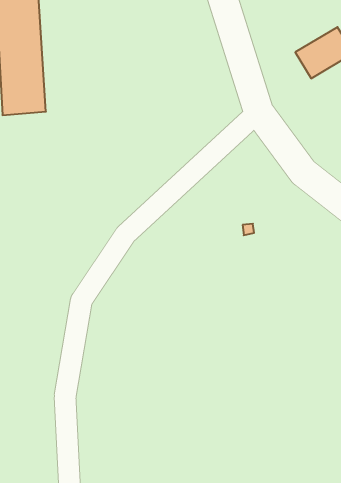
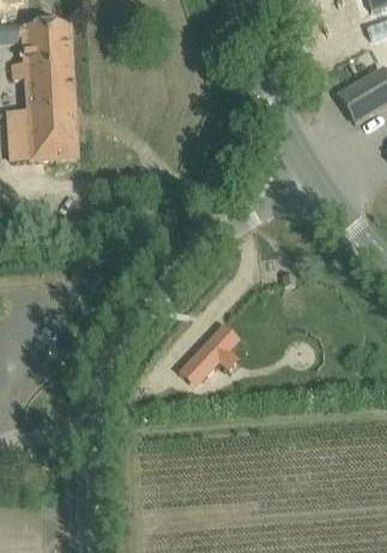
building: none -> [187,324,238,377]

